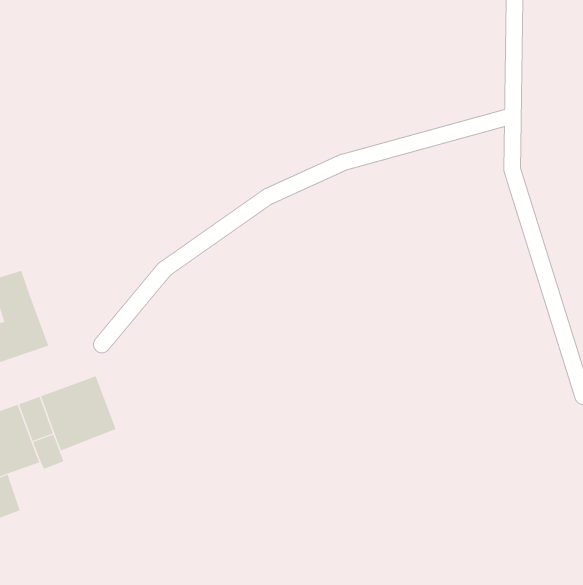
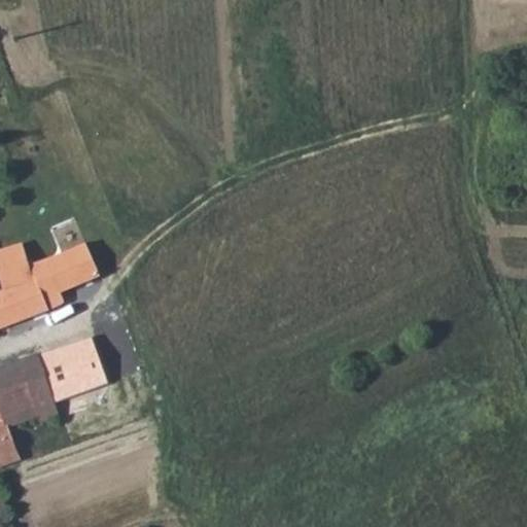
building: none -> [28,243,99,311]

